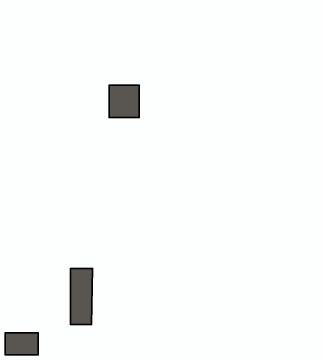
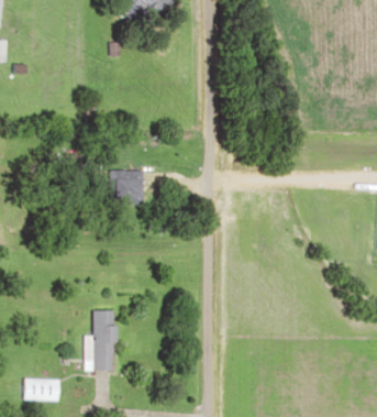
building: [109,85,139,117] -> [111,169,143,204]

